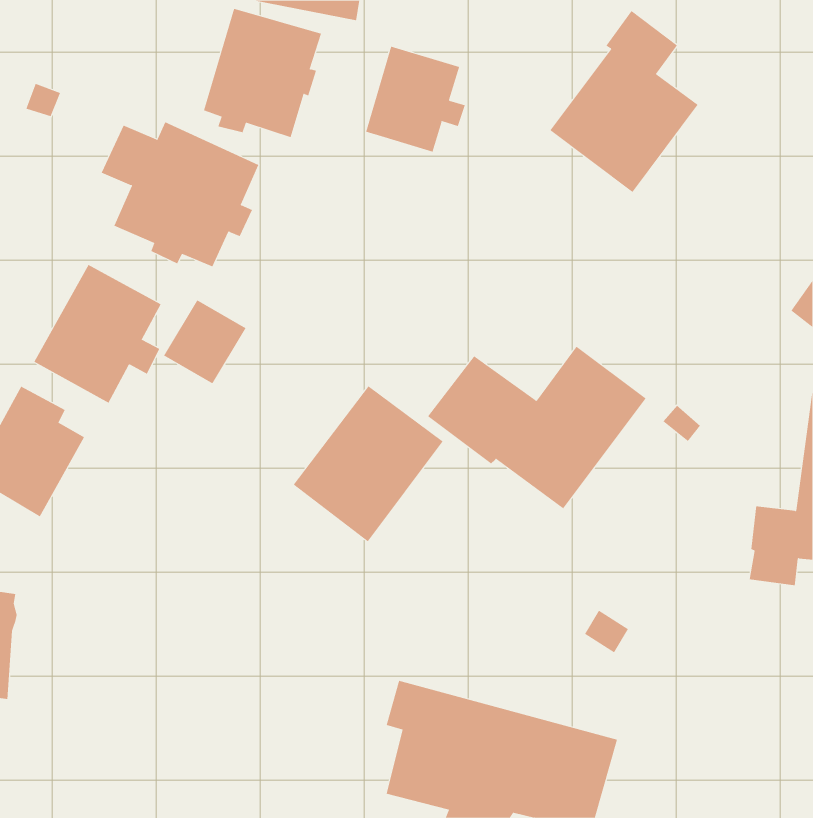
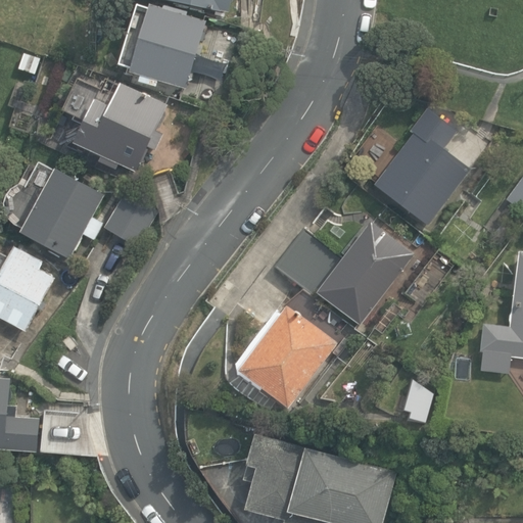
building: [550,10,698,193] -> [374,107,469,224]
building: [365,46,466,153] -> none
building: [293,385,443,542] -> [239,305,335,406]

